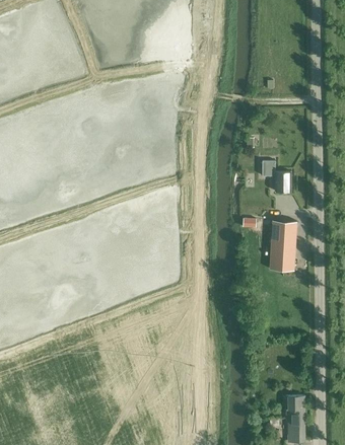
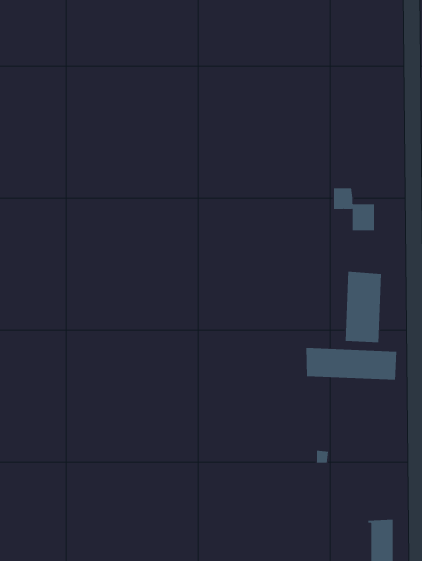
building: none -> [306,347,397,380]

